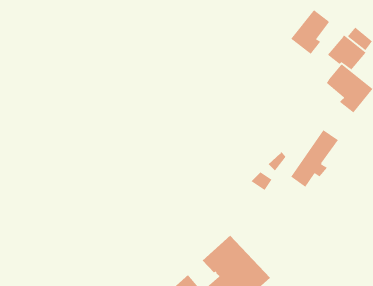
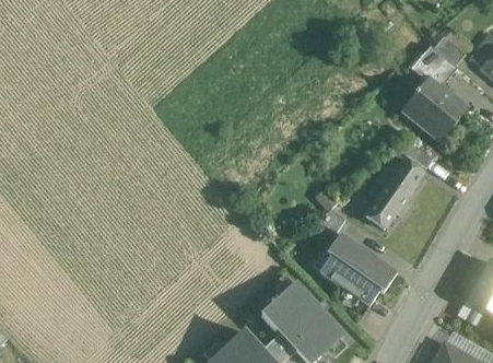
building: [290,9,330,55] -> none
building: none -> [319,232,398,305]

